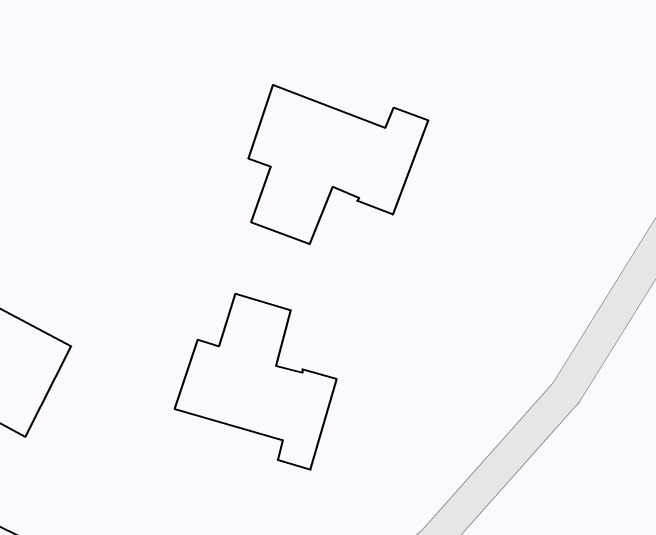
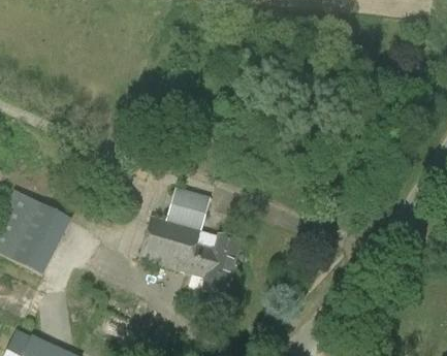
building: [248,85,428,244] -> none

